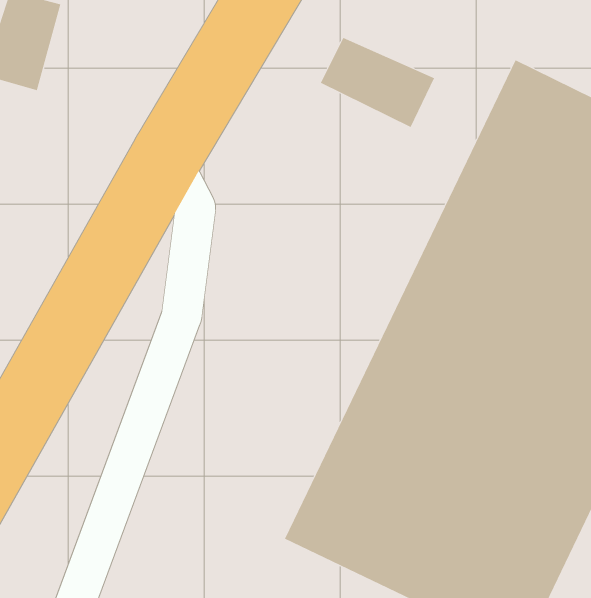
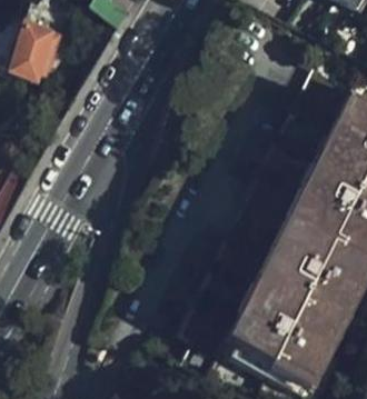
building: [320,37,435,128] -> none

